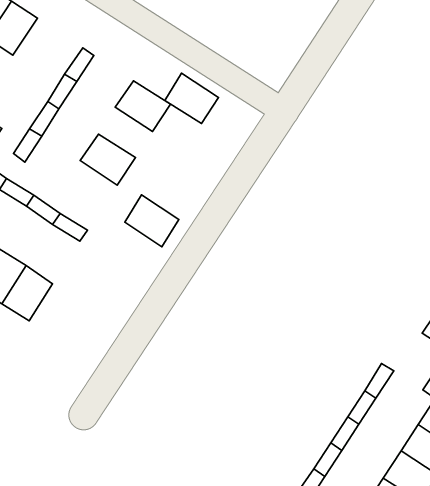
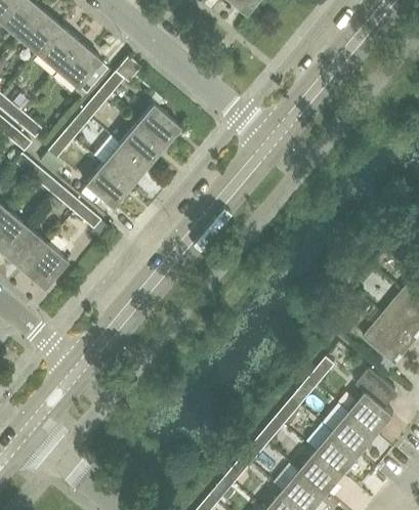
building: none -> [57,43,100,87]
building: [165,73,219,124] -> [119,123,163,166]
building: [125,195,179,247] -> [85,163,129,207]

